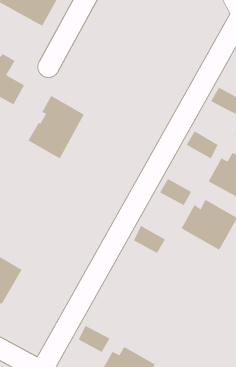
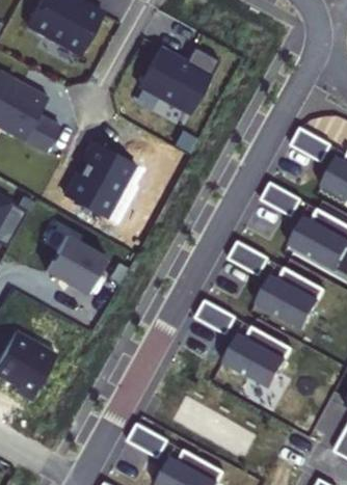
building: none -> [139,48,216,112]
building: none -> [45,235,106,294]
building: none -> [221,328,291,390]

